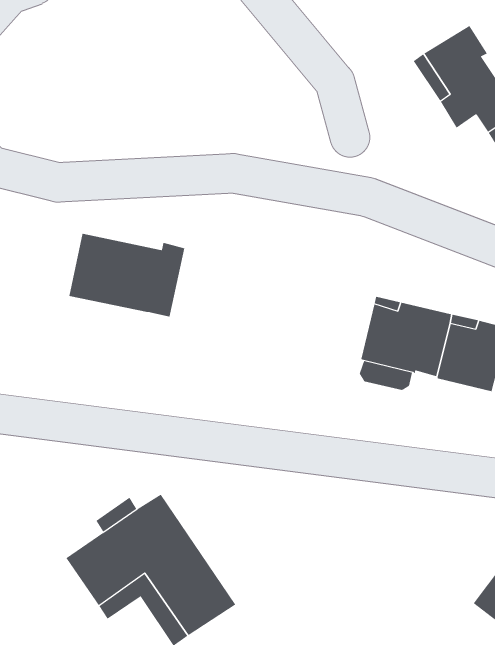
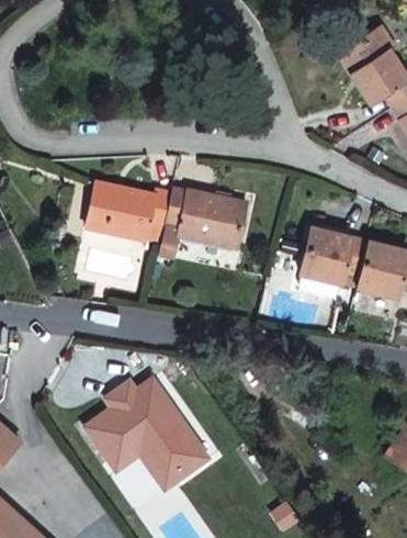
building: none -> [160,187,248,258]

